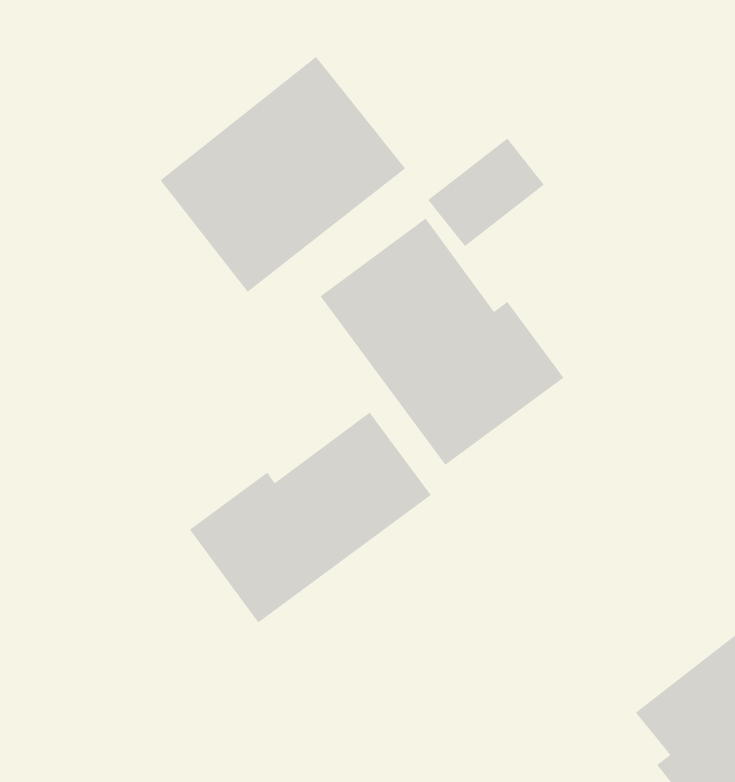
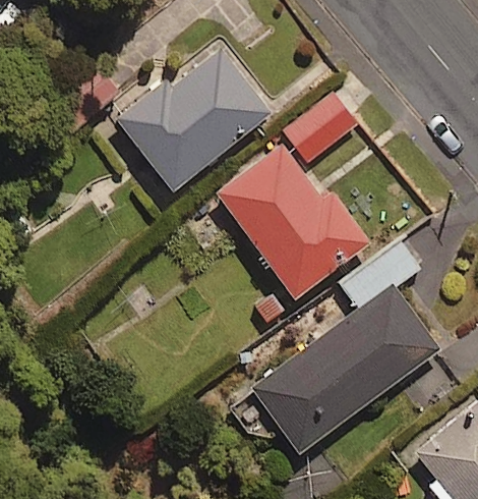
building: none -> [255,243,439,451]
building: [189,412,432,623] -> none

